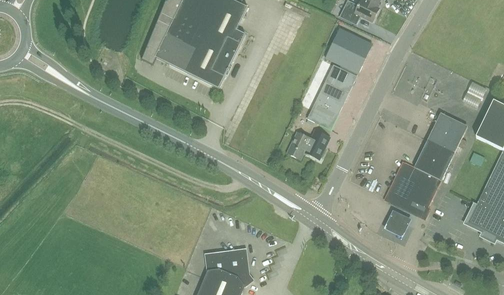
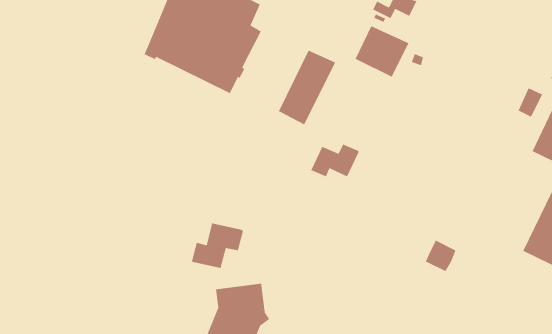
building: [307,63,357,128] -> [278,49,336,126]
building: [387,111,463,214] -> none
building: none -> [191,222,244,269]

